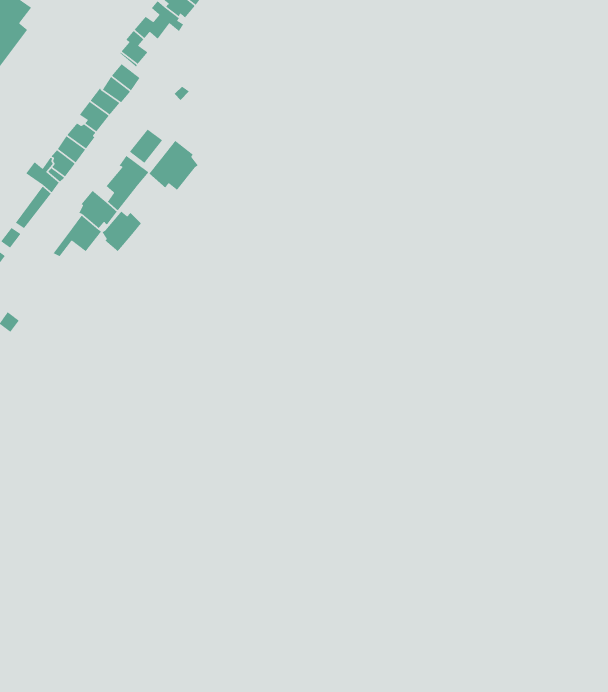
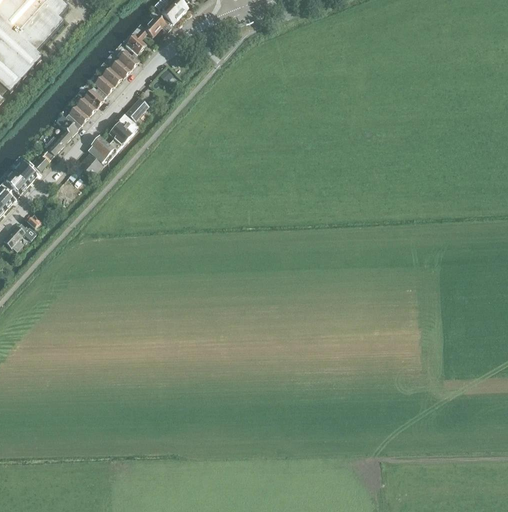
building: [149,140,199,191] -> none
building: [101,210,142,252] -> none

